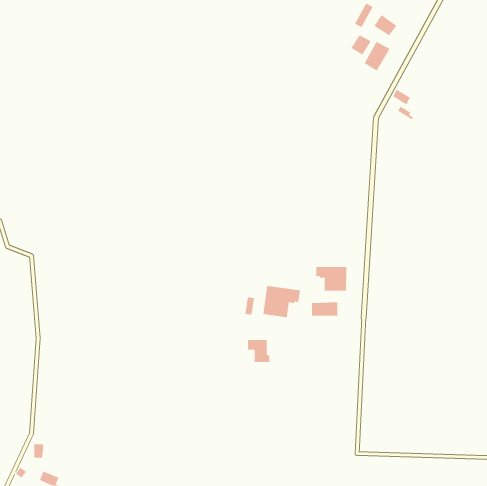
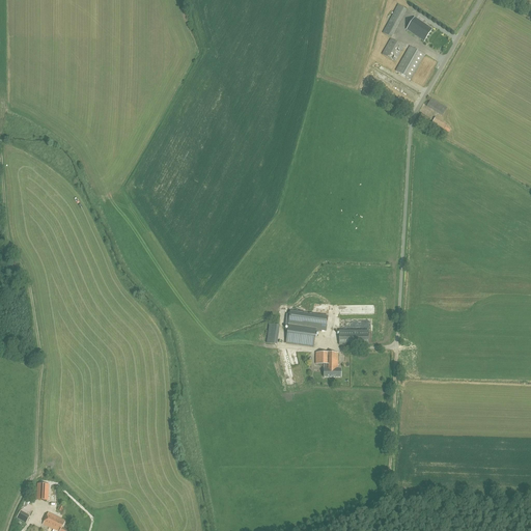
building: [316,266,347,292] -> none
building: [247,340,270,363] -> [315,351,340,375]

